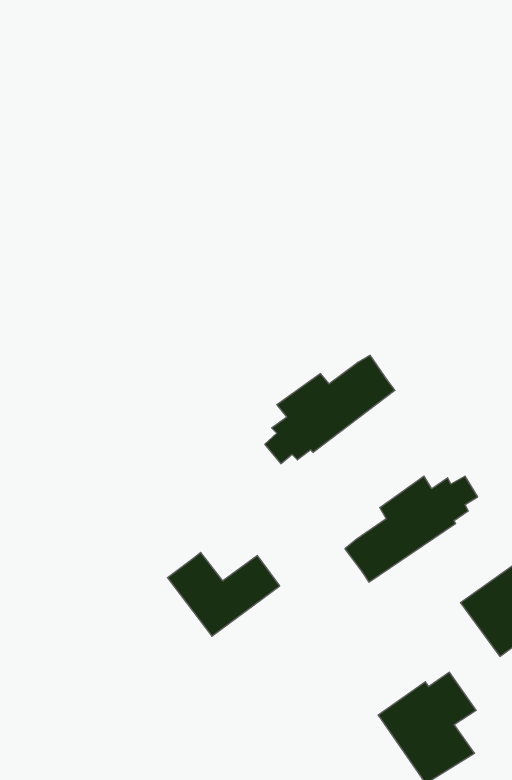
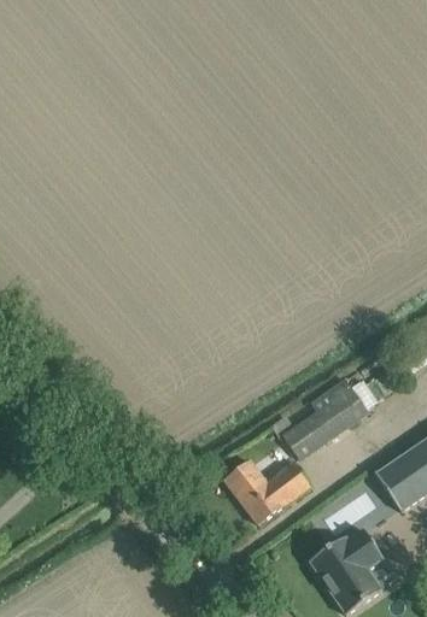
building: [265,355,395,464] -> none
building: [167,552,280,636] -> [224,459,310,523]

